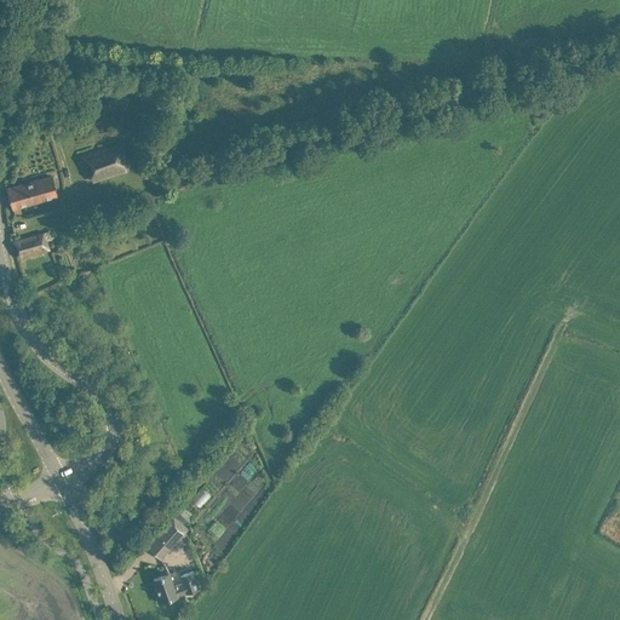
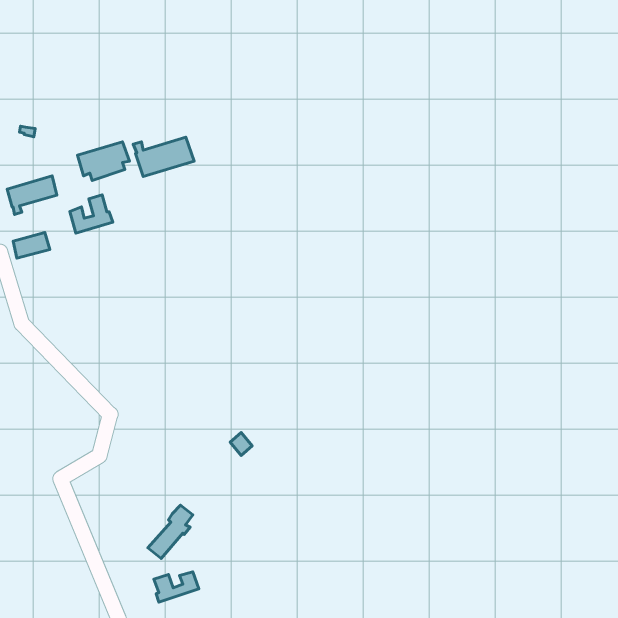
building: none -> [133,137,194,176]
building: none -> [70,195,113,233]

